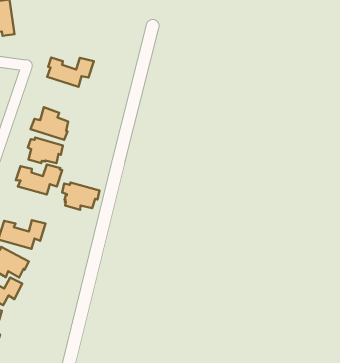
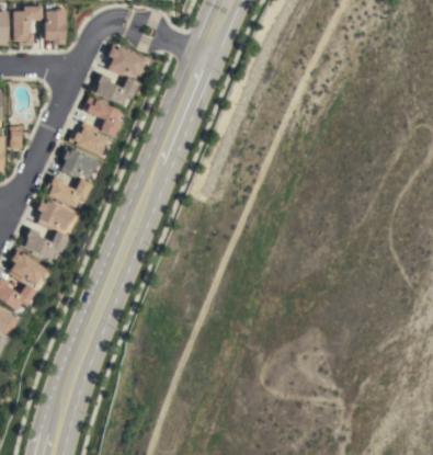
building: none -> [107,46,146,77]
building: none -> [83,96,122,137]
building: [62,182,100,210] -> [37,201,75,229]

